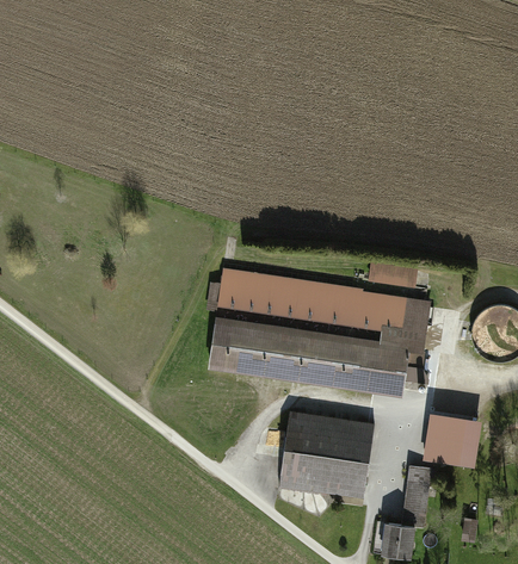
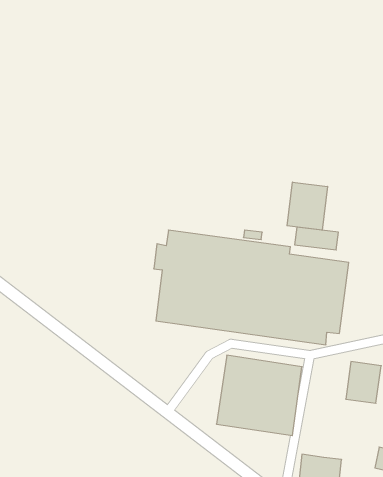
building: none -> [287,182,328,230]
building: [401,466,430,528] -> none

